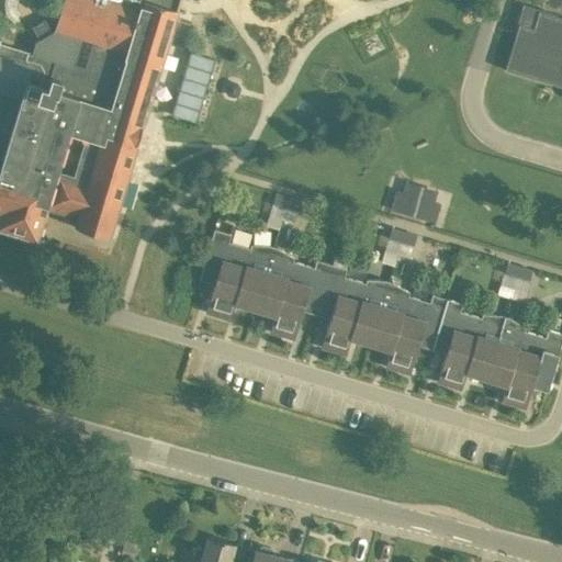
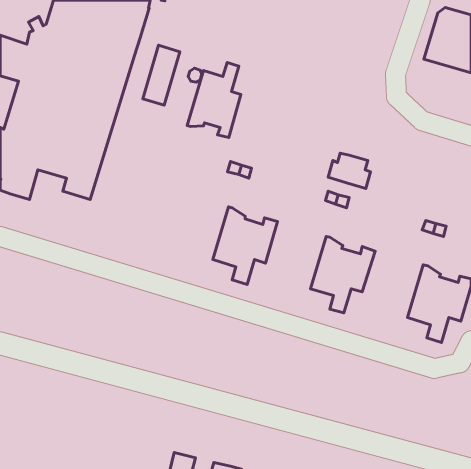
building: none -> [187,62,241,137]
building: [199,232,272,319] -> none
building: [316,267,389,355] -> none
building: [431,302,504,389] -> none

